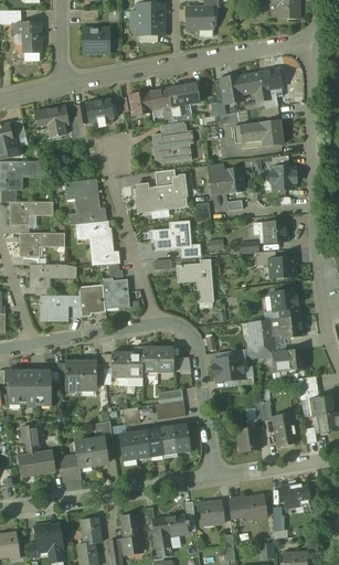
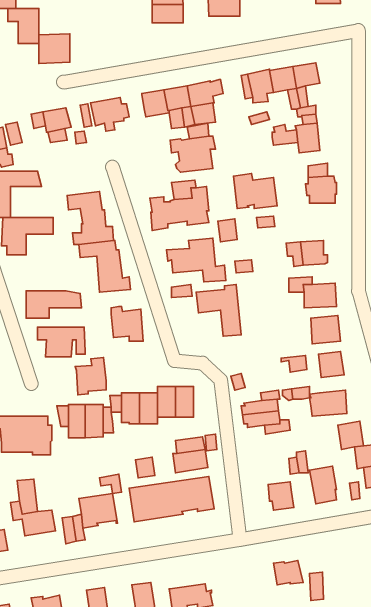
building: [83,28,109,53] -> [39,34,70,63]
building: [20,233,65,256] -> none
building: [78,284,105,316] -> [75,358,106,395]
building: [282,481,310,504] -> none
building: [199,500,224,524] -> none

